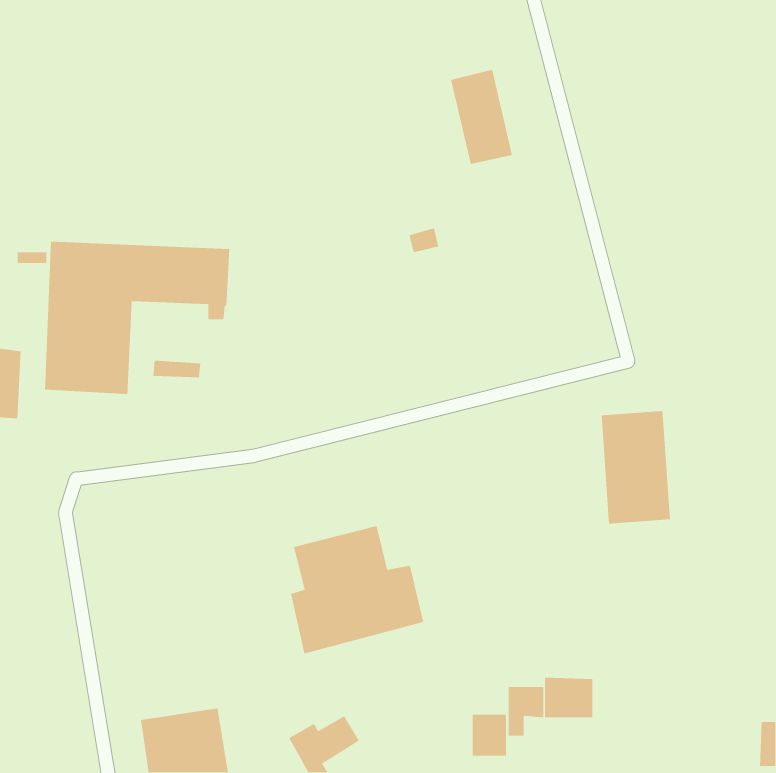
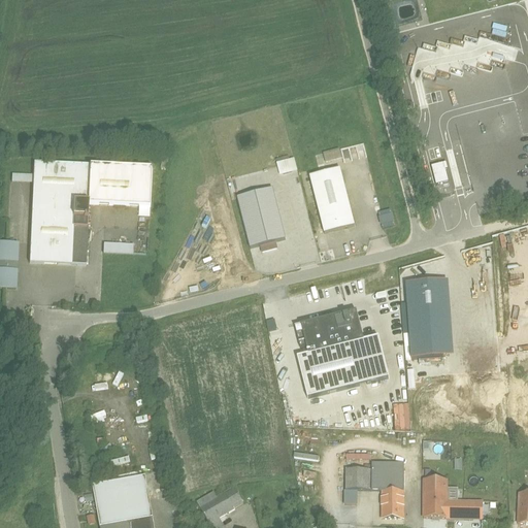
building: [450,69,513,165] -> [308,163,351,228]
building: none -> [235,183,282,248]
building: [290,525,424,655] -> [298,307,389,395]
building: none -> [419,473,471,515]
building: [472,714,507,756] -> [377,486,401,515]

